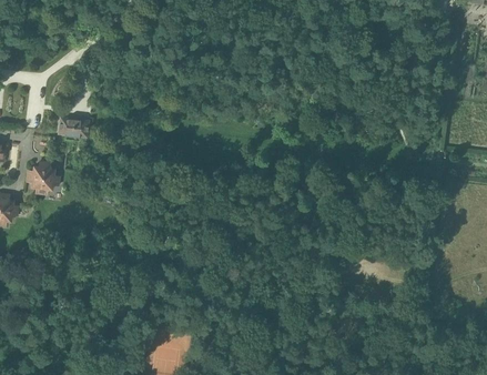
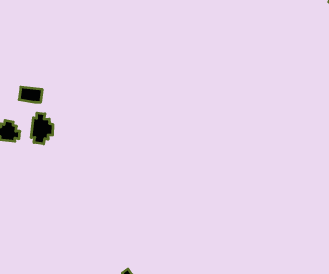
building: none -> [31,113,53,144]

